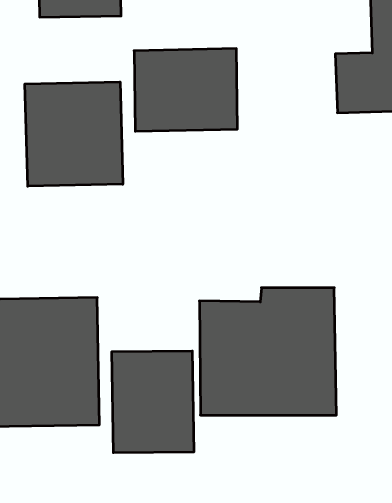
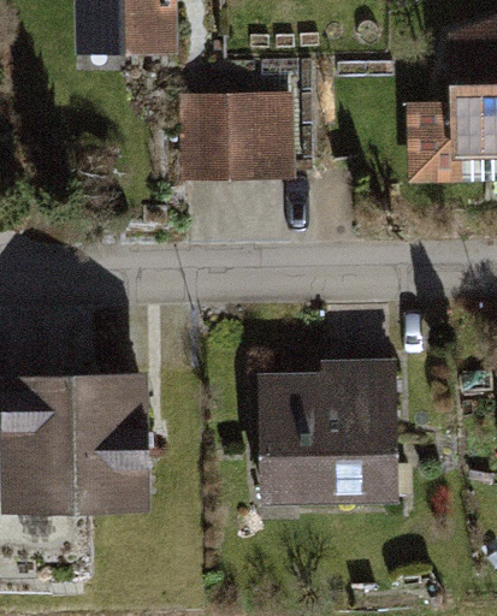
building: [25,82,123,186] -> none
building: [112,351,194,453] -> none

